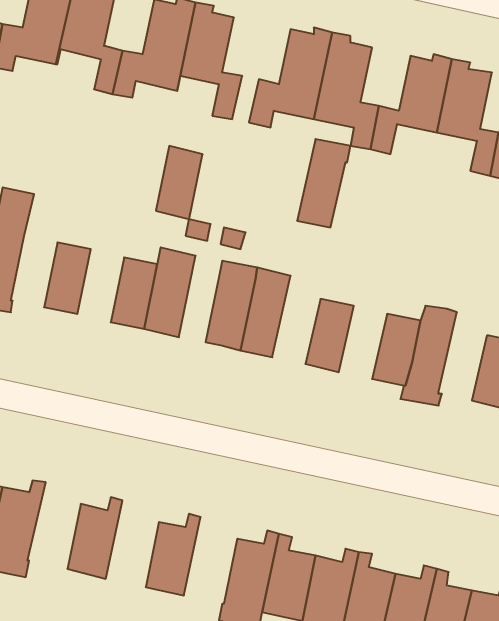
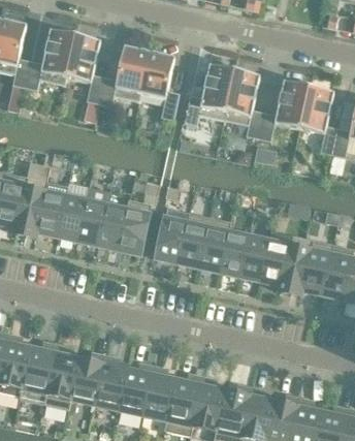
building: [297,139,350,227] -> [197,217,230,272]
building: [156,146,203,219] -> [76,200,105,246]
building: none -> [35,192,64,237]
building: none -> [238,235,268,281]
building: none -> [300,240,333,294]
building: none -> [45,345,78,399]
building: none -> [94,356,127,410]
building: none -> [142,367,175,420]

